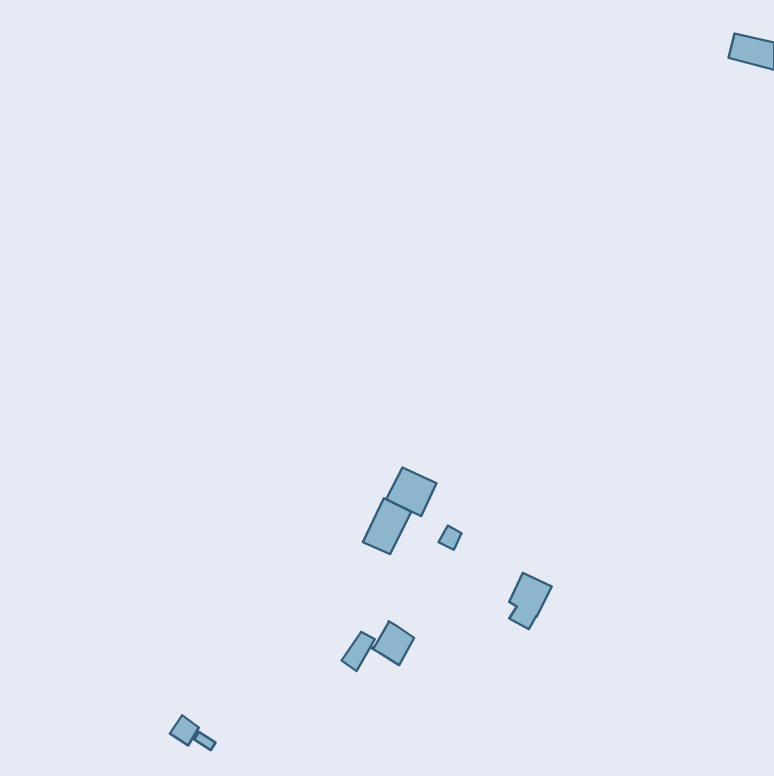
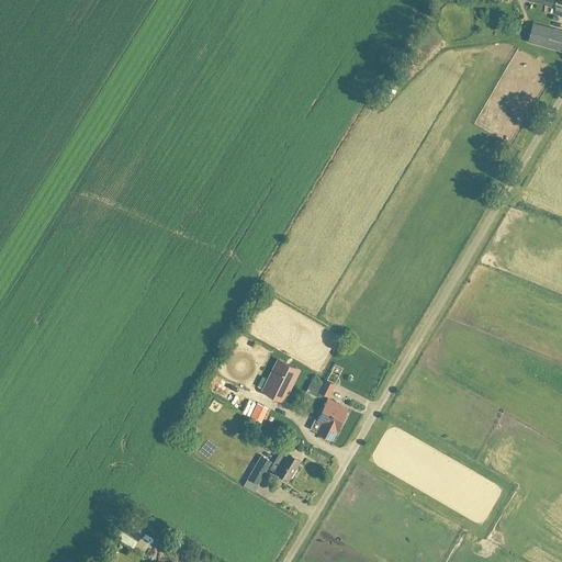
building: [386,468,437,516] -> none
building: [509,573,552,629] -> [316,400,347,440]

